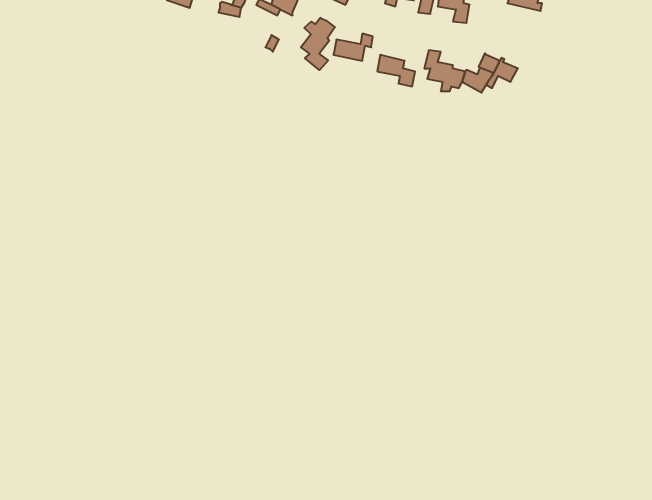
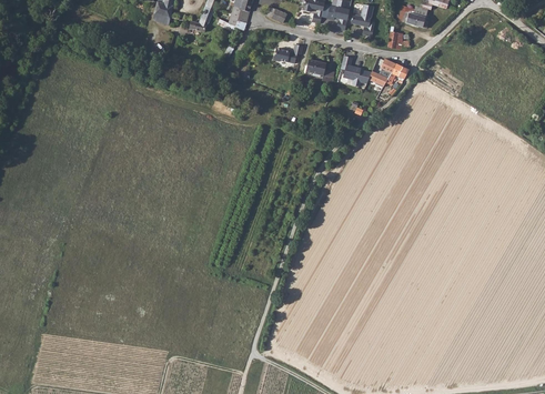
building: [301,18,335,70] -> none

